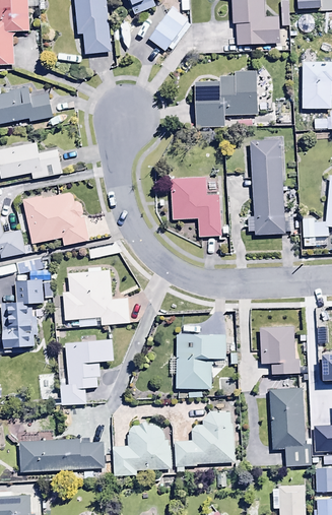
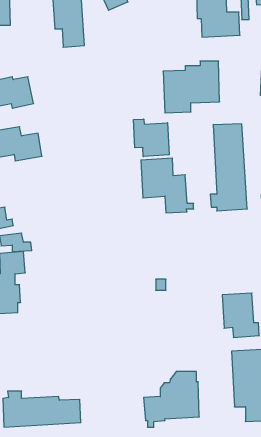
building: [147,14,183,52] -> none
building: none -> [134,119,169,157]
building: [22,192,88,245] -> none
building: [63,267,129,326] -> none
building: [176,333,225,388] -> none
building: [54,339,113,405] -> none
building: [113,423,172,474] -> none

